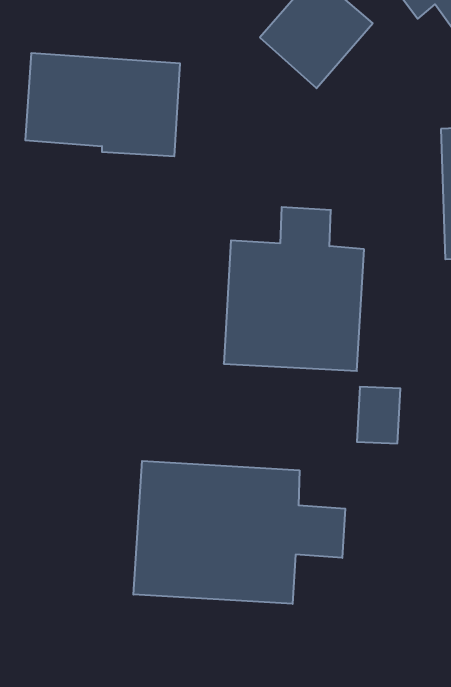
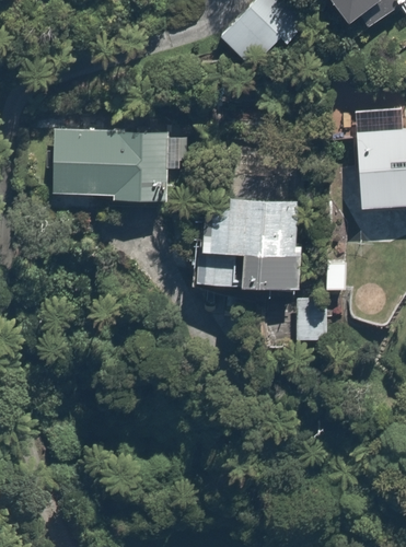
building: [25,53,180,156] -> [51,128,169,206]
building: [133,461,345,604] -> none

